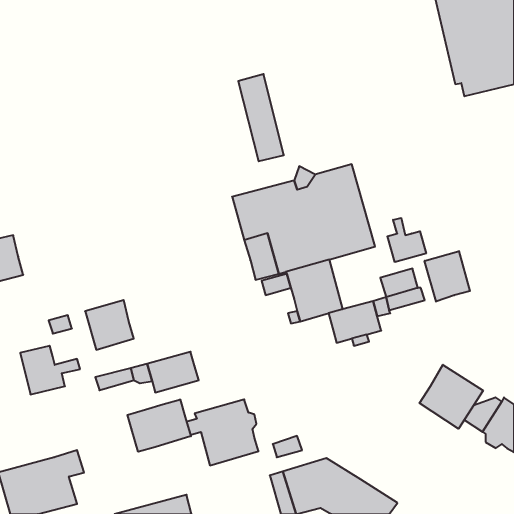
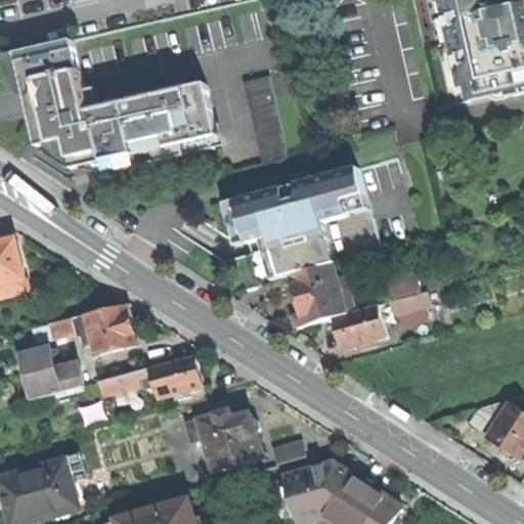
building: none -> [5,39,217,164]
building: [387,218,426,262] -> none
building: [425,251,470,302] -> none
building: [420,365,483,429] -> none
building: [127,399,191,452] -> none

